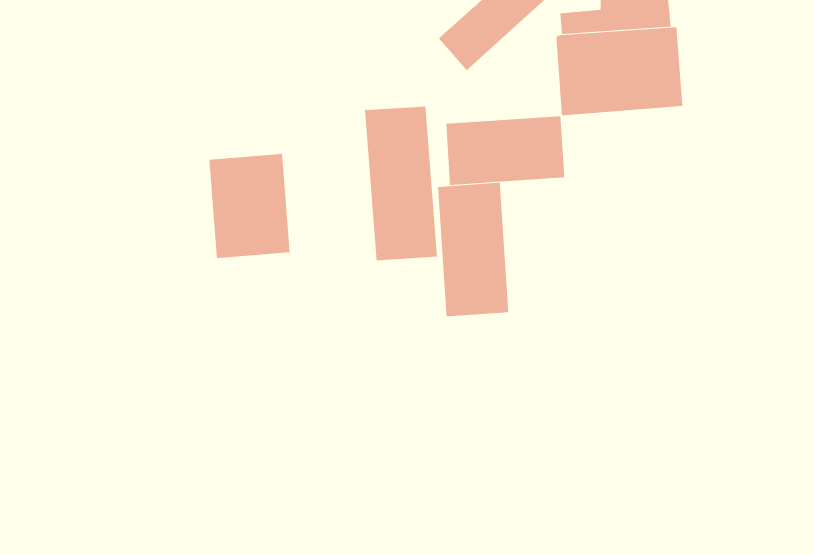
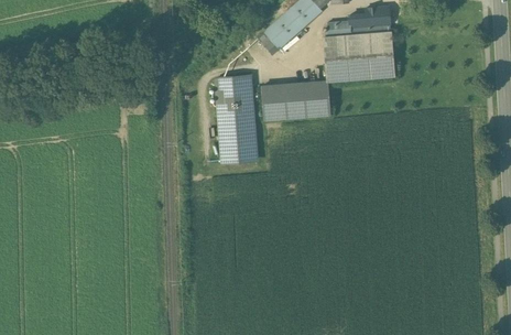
building: [209,153,290,259] -> none
building: [437,182,509,317] -> none

